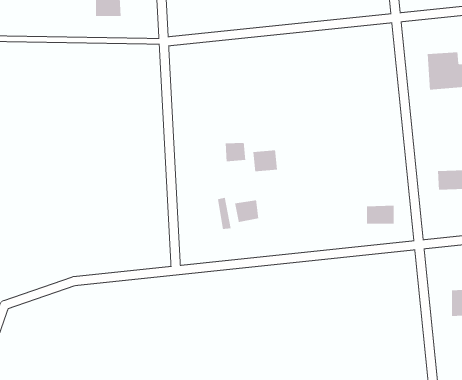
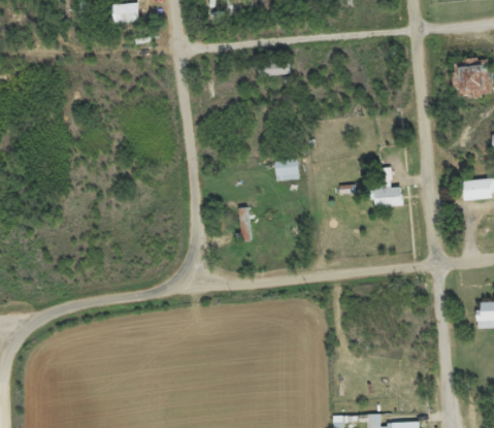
building: [225,142,246,162] -> none
building: [235,199,259,223] -> none
building: [366,205,394,224] -> [372,187,401,206]

